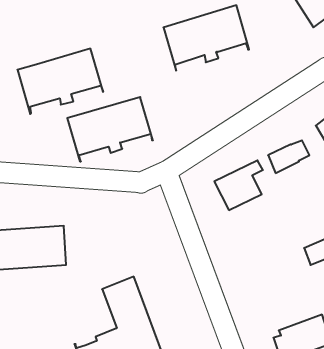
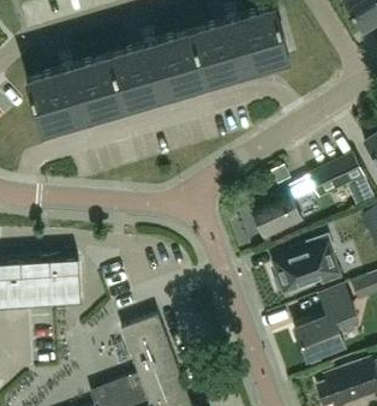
building: [67,97,153,161] -> [108,34,205,107]
building: none -> [273,239,341,295]
building: none -> [294,287,357,362]

